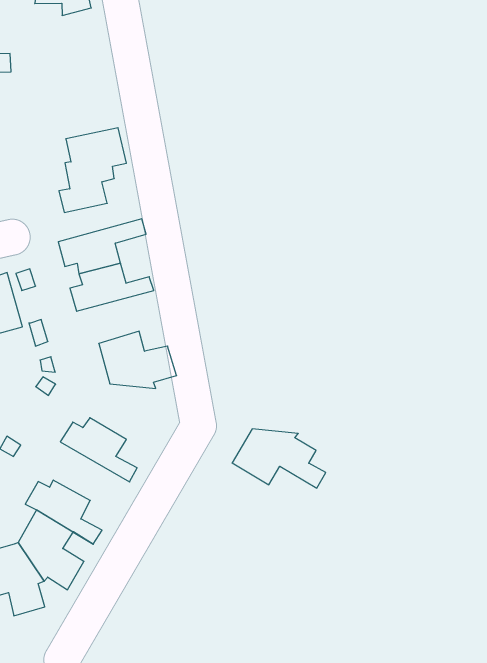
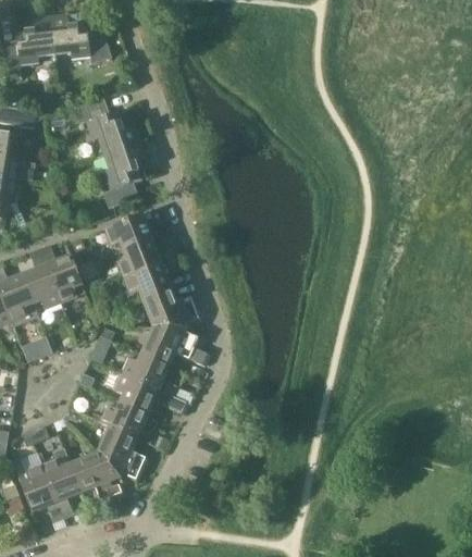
building: none -> [73,97,139,153]
building: none -> [123,257,181,299]
building: [232,429,326,488] -> [140,327,209,367]
building: none -> [114,373,188,413]

